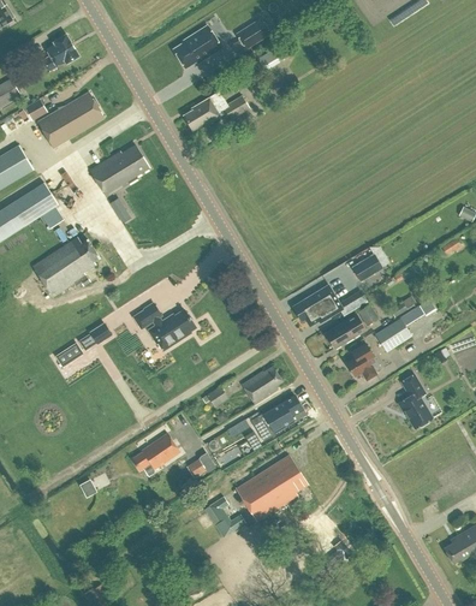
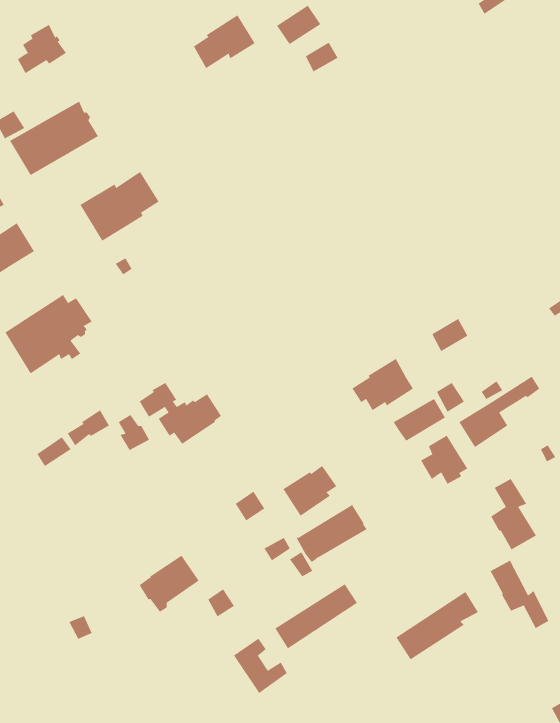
building: [183,95,249,130] -> none
building: none -> [490,560,549,629]
building: [245,469,308,521] -> [396,591,479,660]

